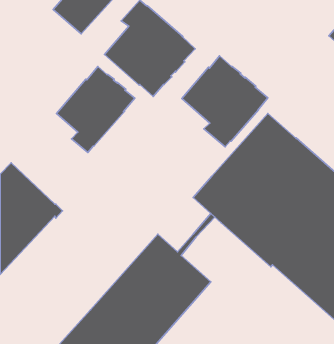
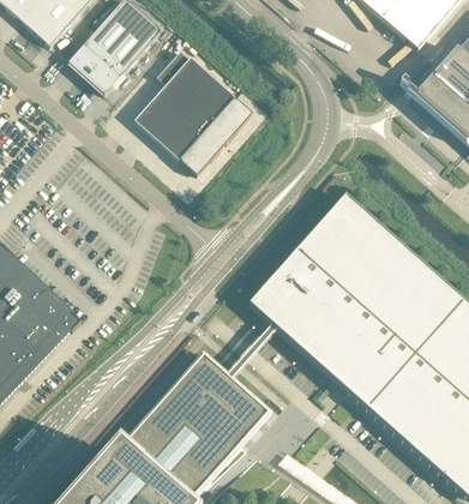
building: [182,56,268,147] -> none
building: [56,66,135,152] -> none

